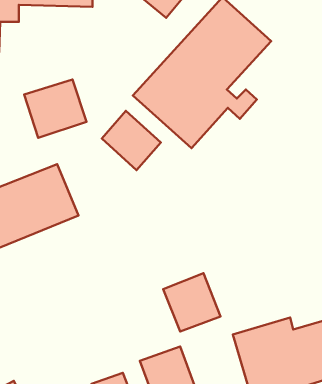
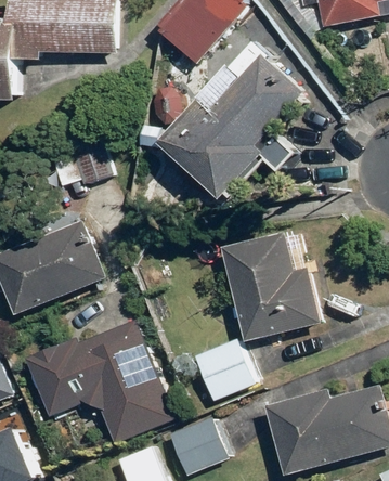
building: [102,111,161,170] -> none
building: none -> [222,231,320,343]
building: none -> [26,317,169,441]

